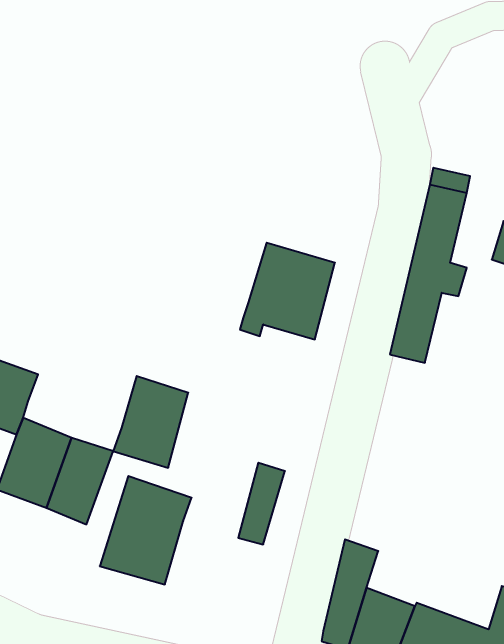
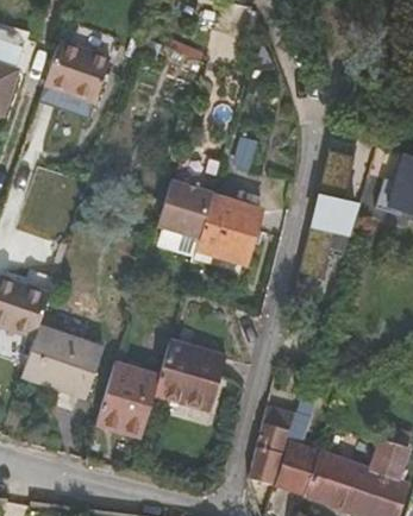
building: none -> [39,34,112,118]
building: none -> [158,182,213,239]
building: [113,376,188,468] -> [154,341,207,407]

